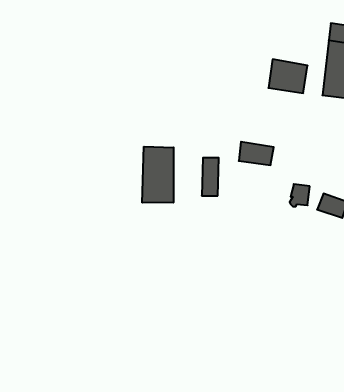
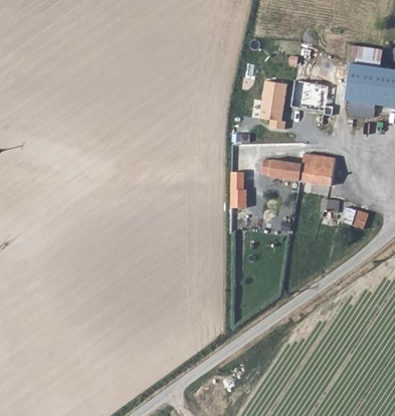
building: none -> [259,83,285,133]
building: none -> [297,154,330,185]
building: [142,147,174,203] -> none

